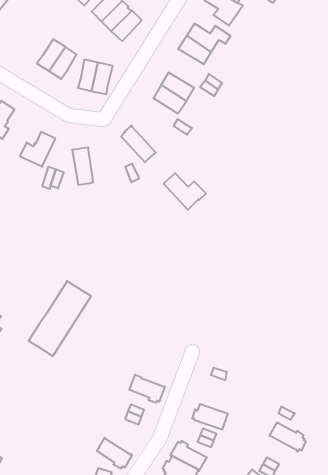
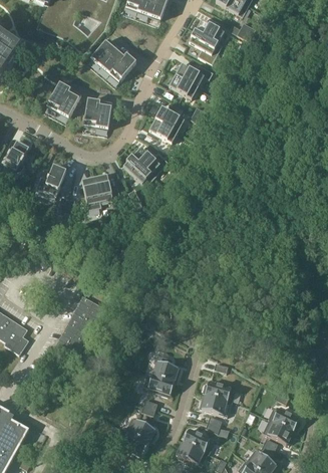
building: none -> [94,174,120,204]
building: [164,173,206,210] -> [131,147,169,178]
building: none -> [152,354,179,382]
building: none -> [203,381,235,403]
building: none -> [124,417,155,443]
building: none -> [262,419,292,444]

